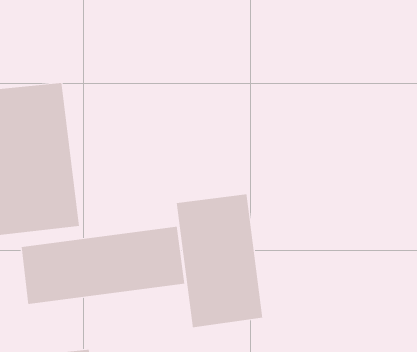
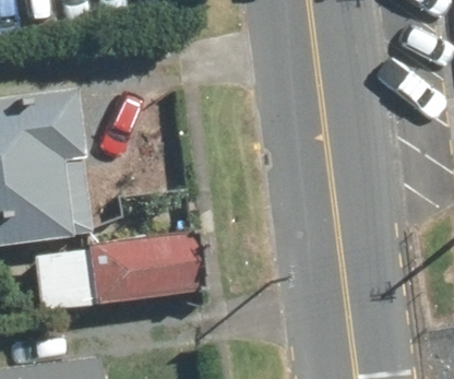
building: [176,193,263,328] -> none

